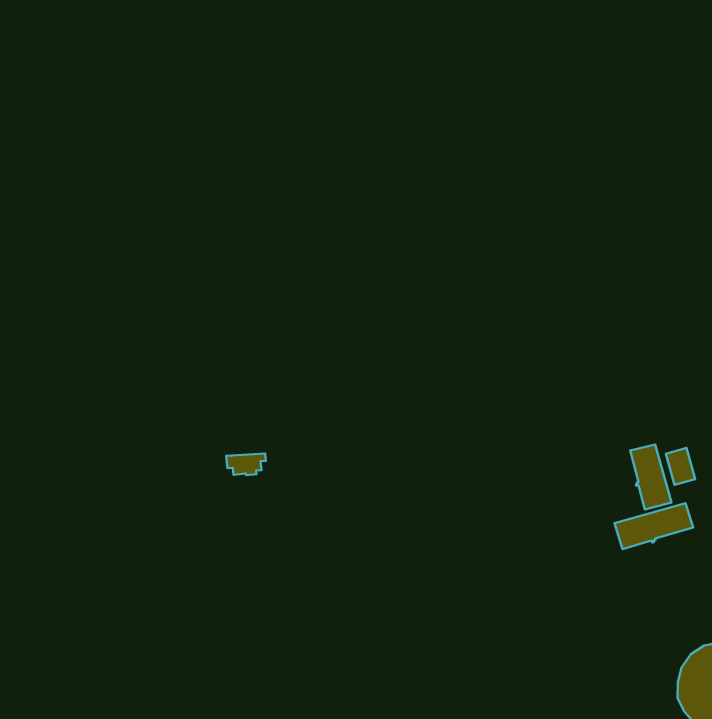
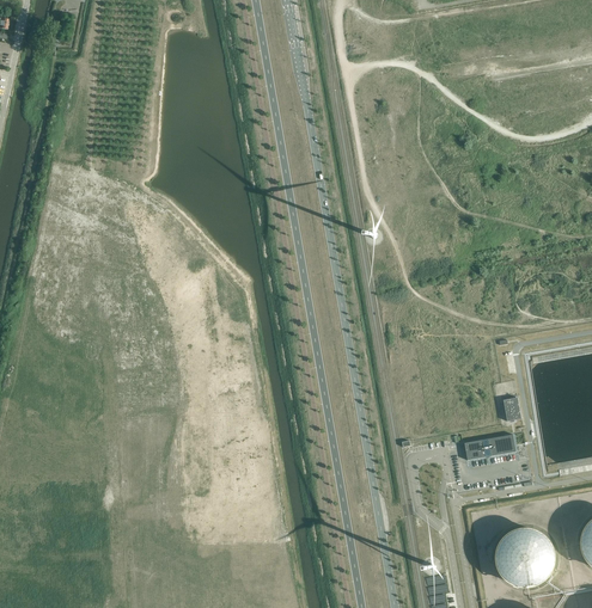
building: [630,444,671,509] -> none

